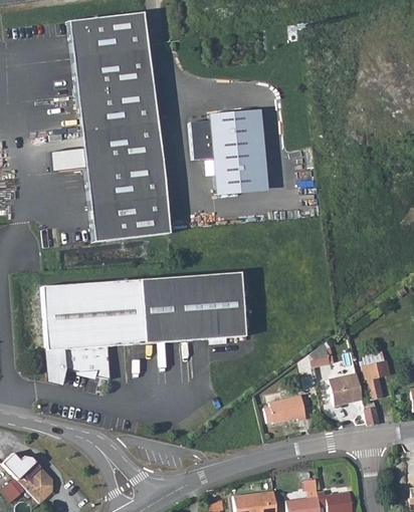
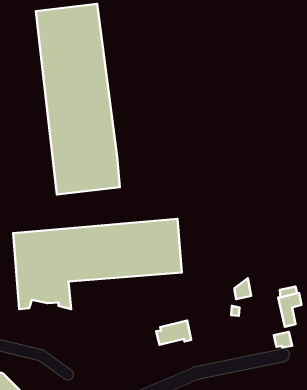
building: [191,106,262,187] -> none
building: [328,372,363,405] -> none
building: [264,395,306,424] -> [156,320,191,345]

